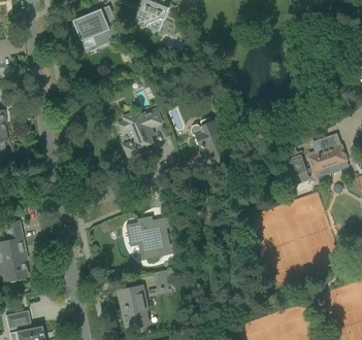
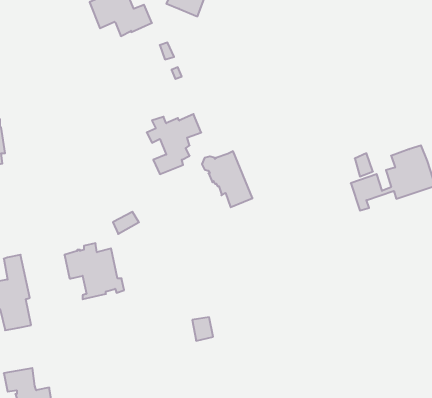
building: [191,120,231,164] -> [202,151,253,207]
building: [127,215,174,260] -> [64,243,124,299]
building: [120,285,149,327] -> none

